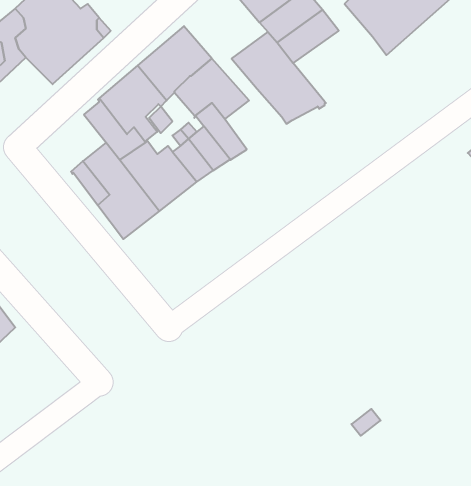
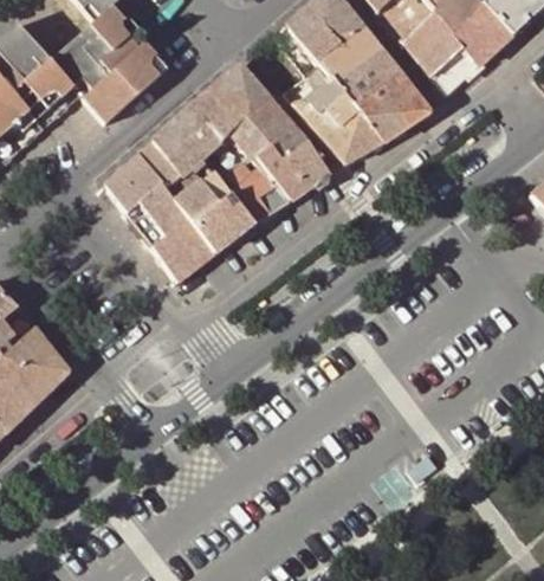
building: none -> [352,69,433,141]
building: none -> [283,140,331,189]
building: none -> [106,154,162,212]

